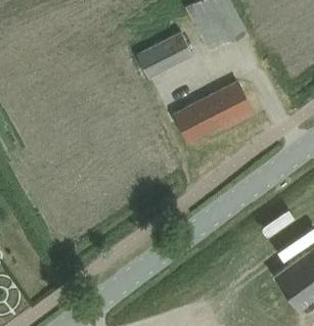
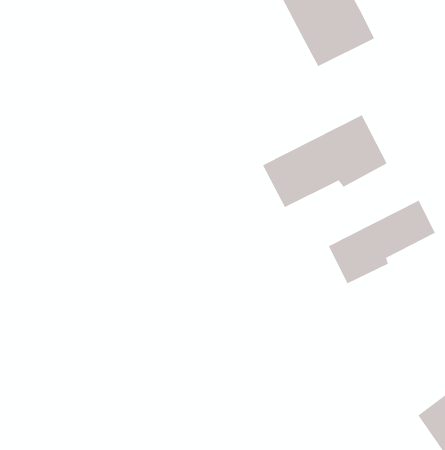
building: [136,33,193,80] -> none
building: none -> [328,200,435,284]

